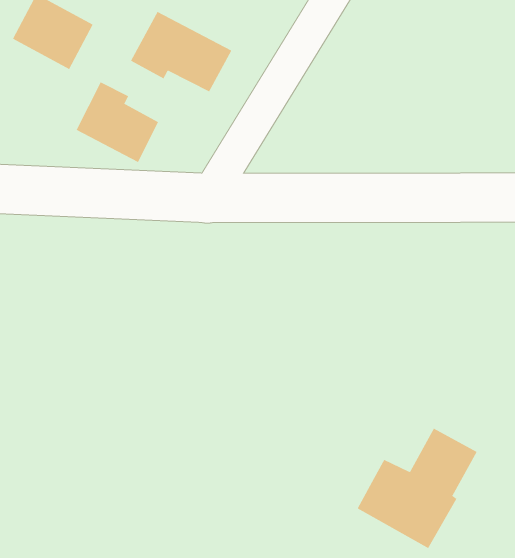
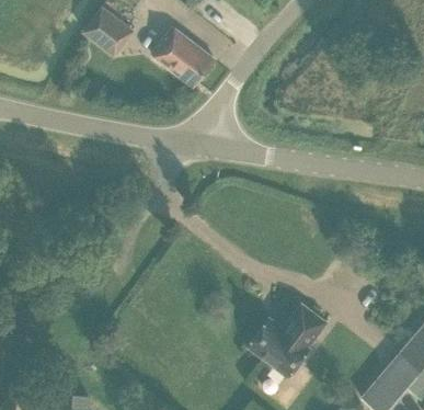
building: [76,82,159,163] -> none

